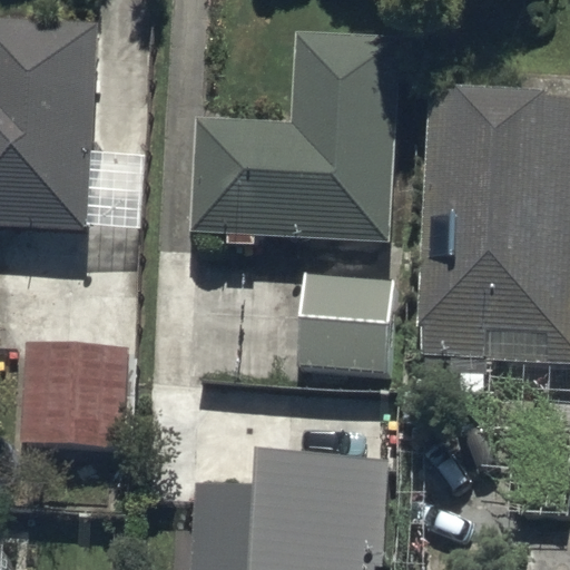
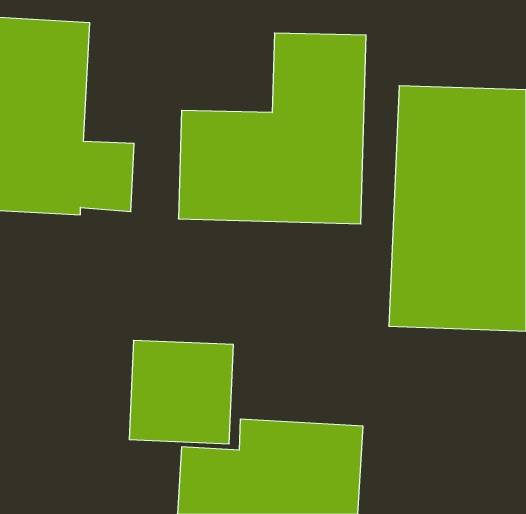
building: [299,267,394,373] -> none
building: [18,337,130,449] -> [129,340,233,444]

